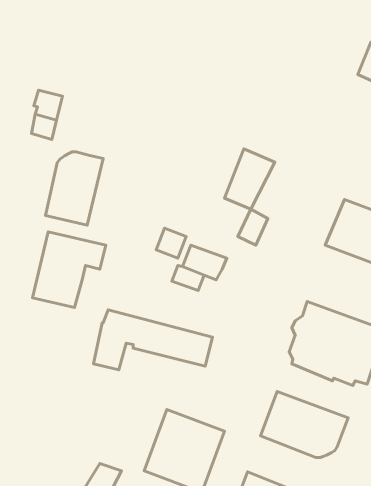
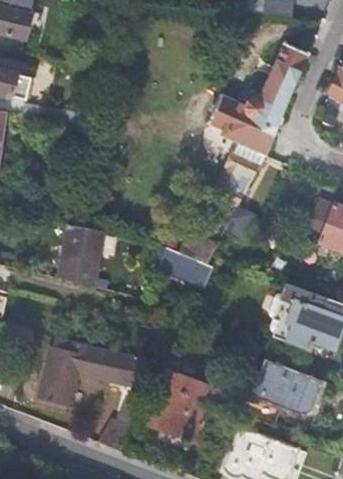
building: none -> [206,43,307,151]
building: [46,152,103,225] -> none
building: [94,310,212,370] -> [50,341,149,392]

